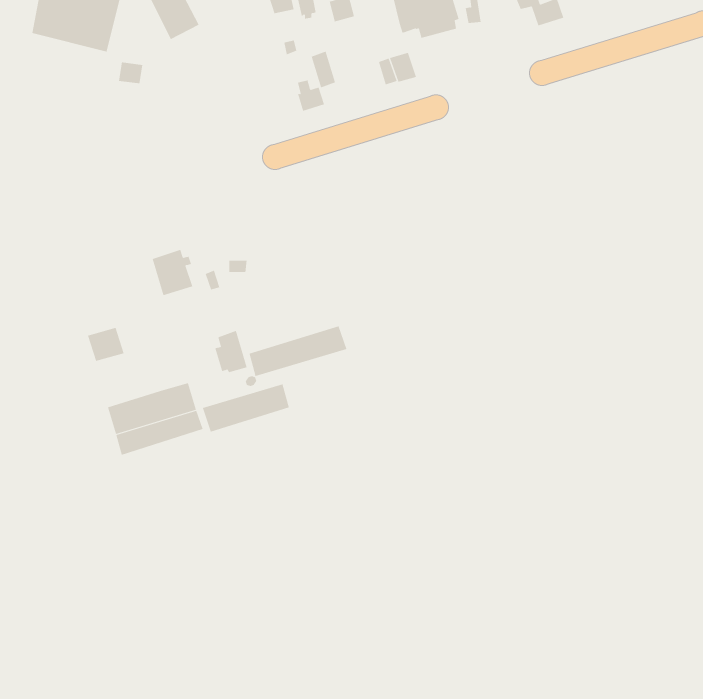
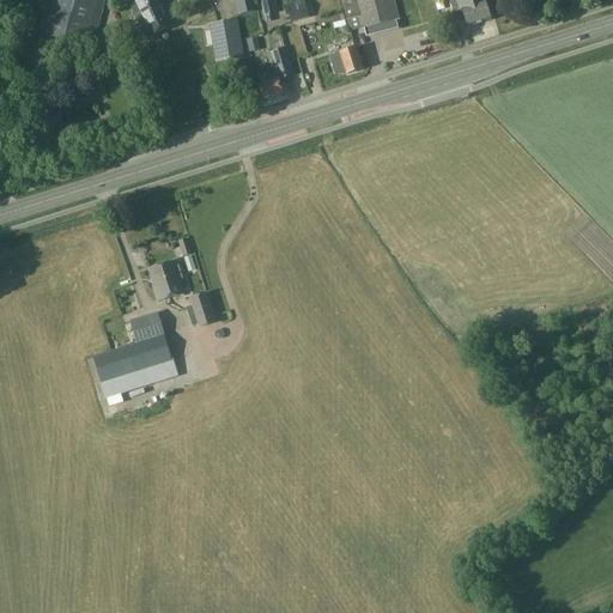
building: none -> [208,16,244,60]
building: [152,249,193,296] -> [148,257,184,298]
building: [249,326,347,377] -> none
building: [87,327,124,362] -> [132,310,164,340]
building: [202,383,289,432] -> none

